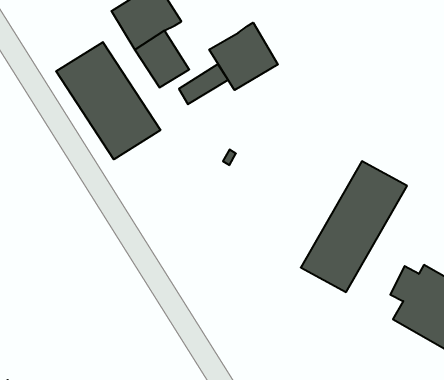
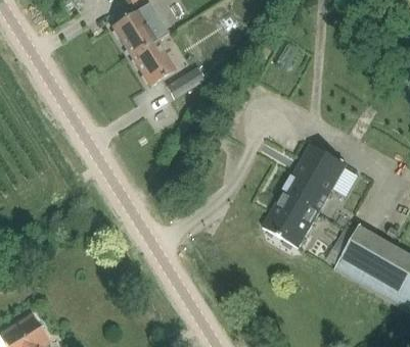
building: [209,23,278,90] -> none
building: [56,42,160,159] -> none

